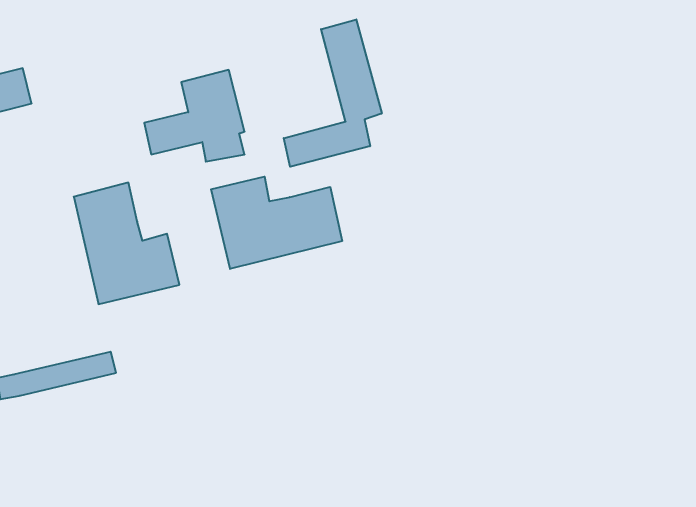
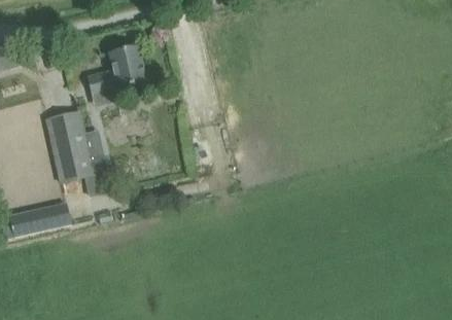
building: [284,19,382,167] -> none
building: [211,177,342,269] -> none

